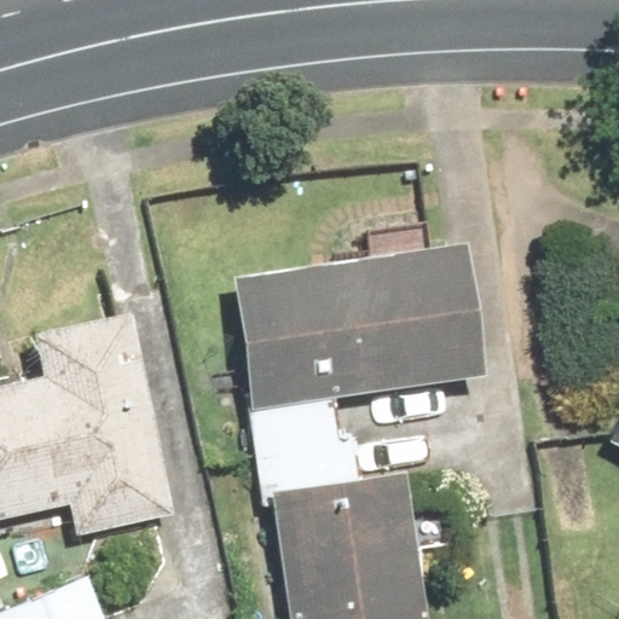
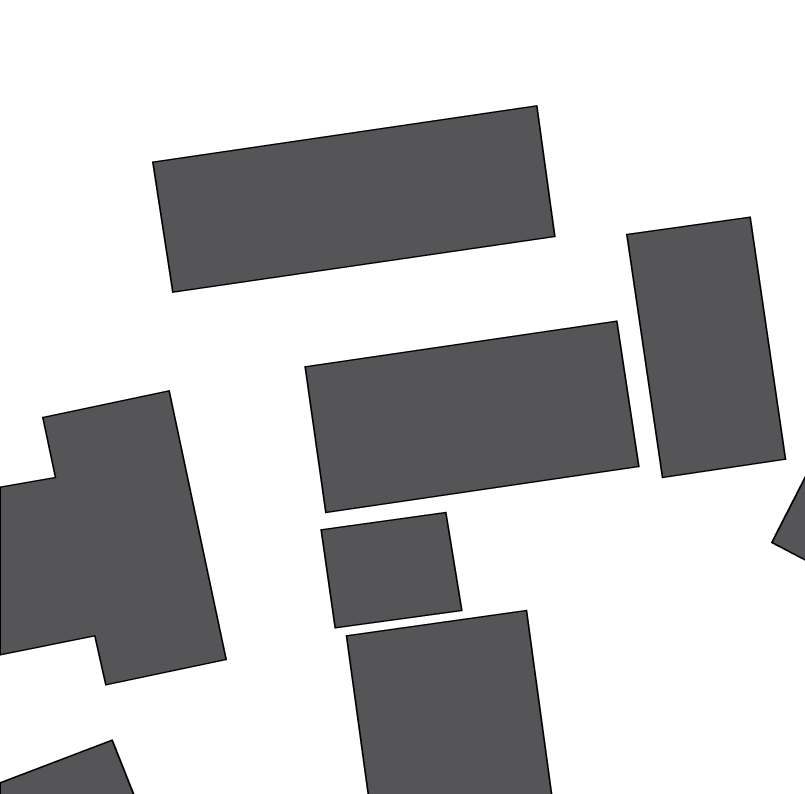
building: none -> [153,106,555,292]
building: none -> [627,217,785,478]

